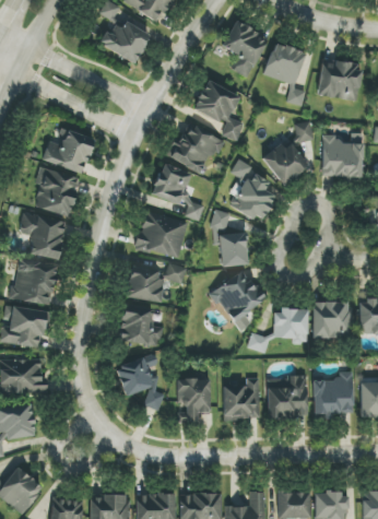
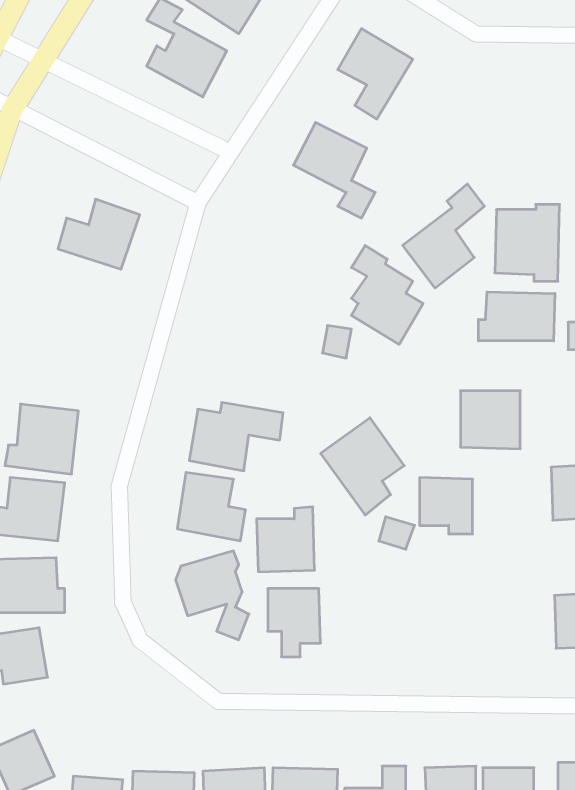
building: [263,42,307,106] -> none
building: [318,59,362,101] -> none
building: [167,120,222,174] -> none
building: [152,164,205,220] -> none
building: [35,168,79,215] -> none
building: none -> [478,292,555,341]
building: [137,211,188,259] -> none
building: [20,212,67,259] -> none
building: [218,232,249,268] -> none
building: [314,302,352,339] -> [460,391,520,449]
building: [314,371,354,418] -> none
building: [267,376,308,417] -> none
building: [223,378,260,420] -> [257,507,315,572]

